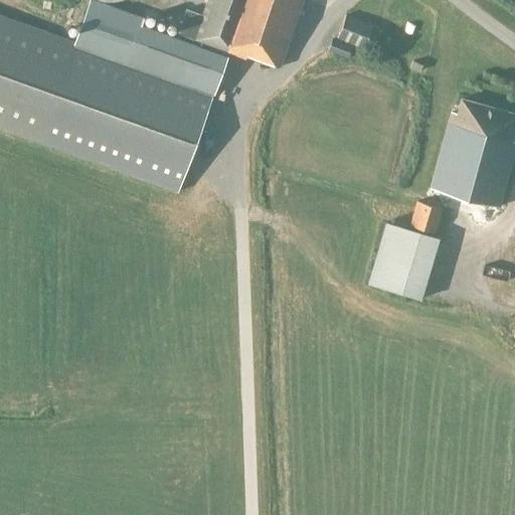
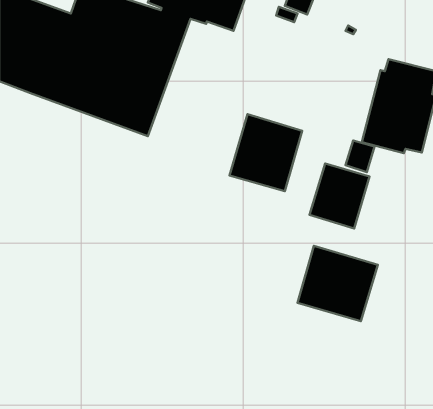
building: none -> [229,114,302,191]
building: none -> [298,246,378,321]

